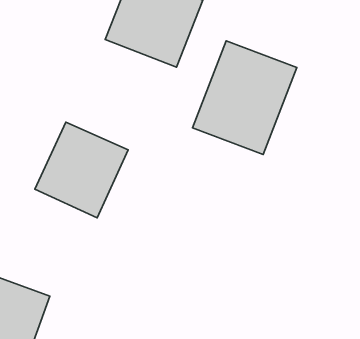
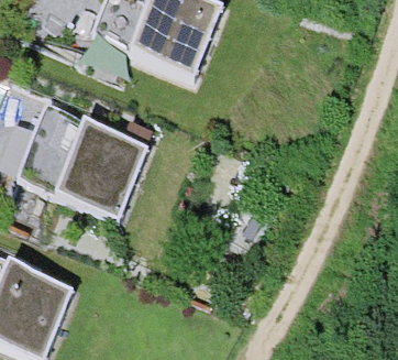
building: [193,41,297,154] -> none

